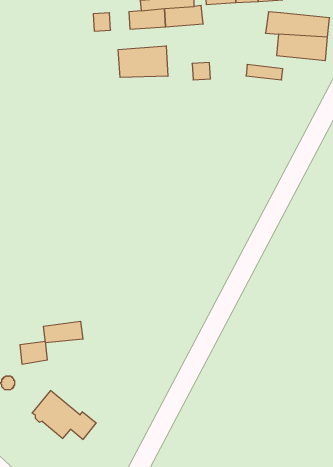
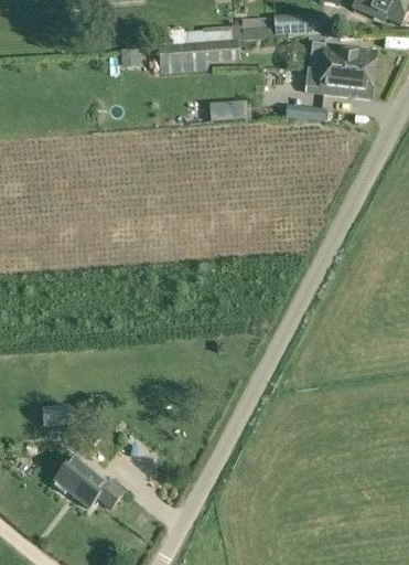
building: [118,46,168,77] -> none
building: [43,321,83,343] -> none

